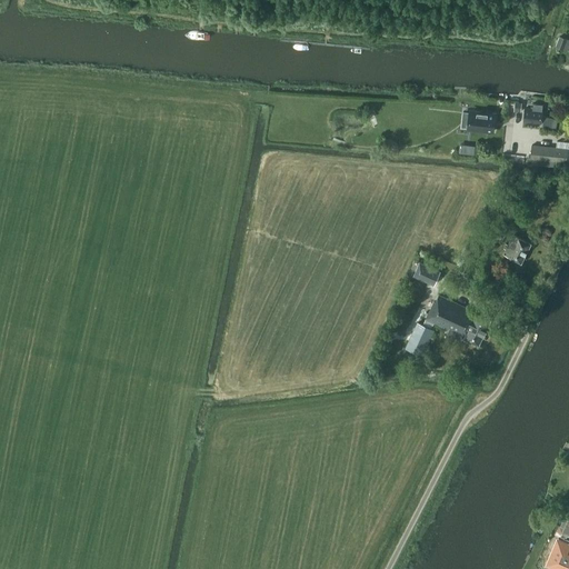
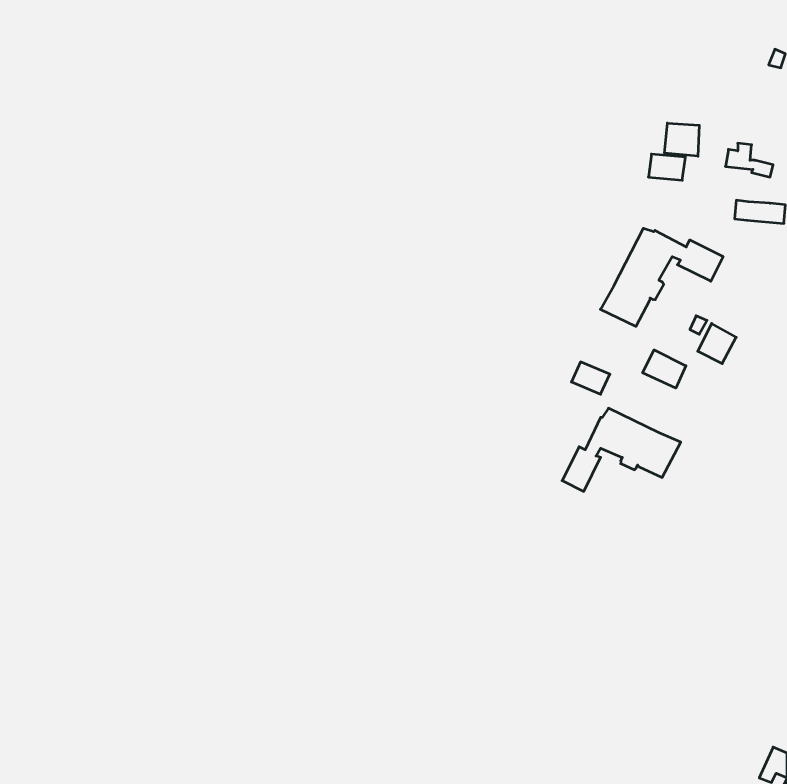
building: none -> [665,123,699,156]
building: none -> [600,228,723,326]
building: none -> [643,350,686,388]

